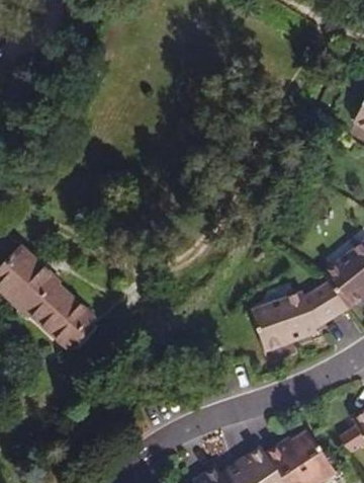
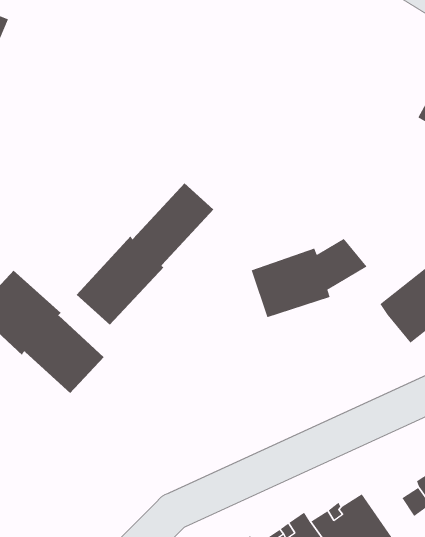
building: none -> [76,182,214,325]
building: [252,285,348,350] -> [251,238,367,318]

